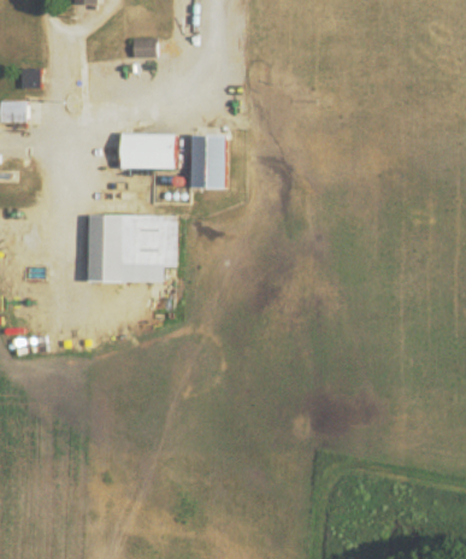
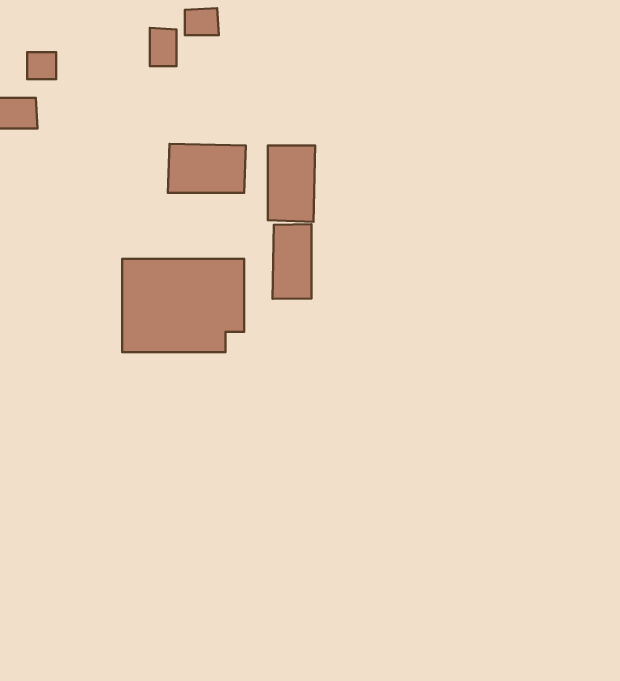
building: none -> [150,28,177,66]
building: none -> [272,224,311,299]

